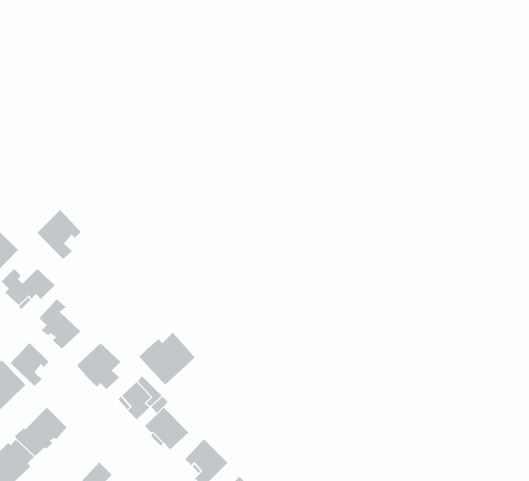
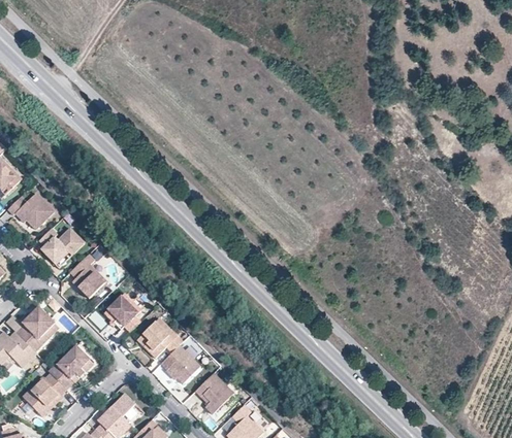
building: [36,209,82,260] -> none
building: [139,332,196,386] -> none
building: [10,342,50,387] -> none

